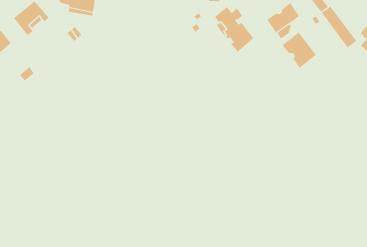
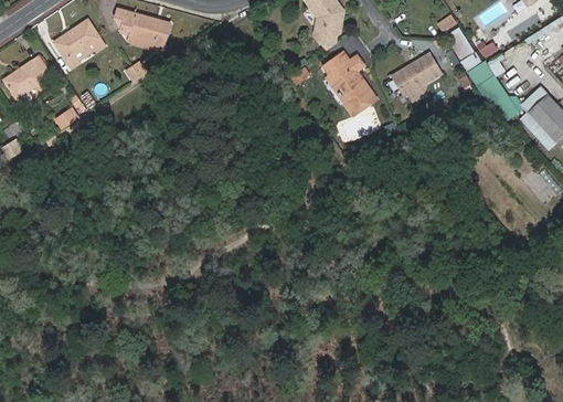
building: [282,31,317,69] -> none

